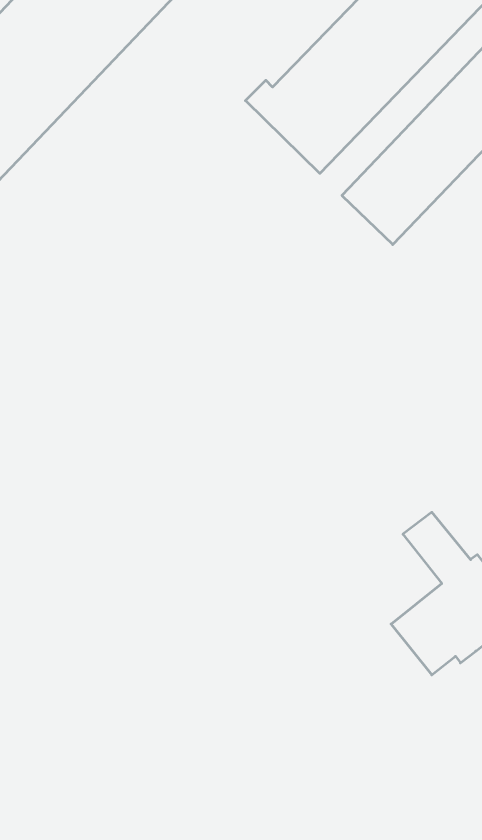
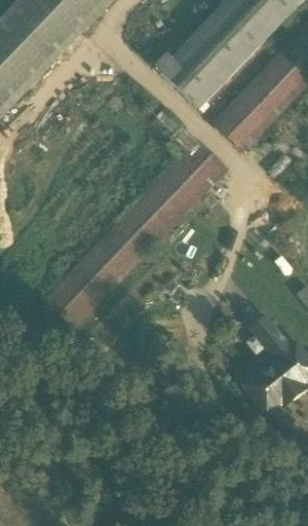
building: none -> [45,122,228,325]

